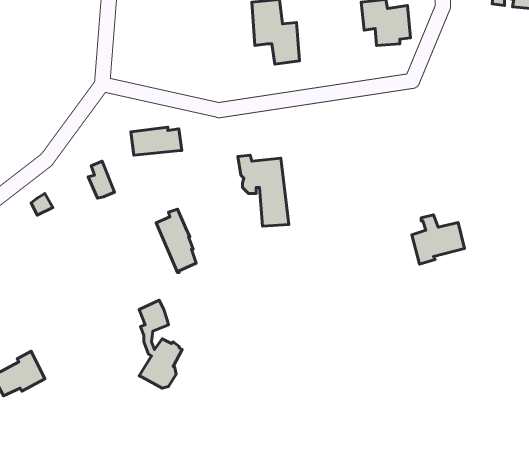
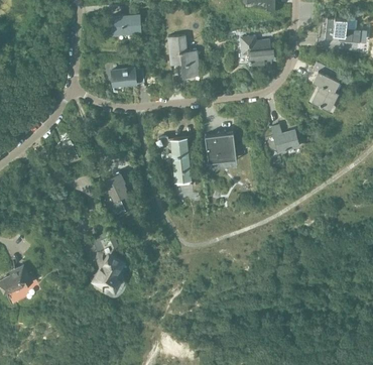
building: none -> [312,63,340,112]
building: [131,127,182,155] -> [111,69,144,87]
building: none -> [206,134,233,163]
building: [412,215,464,264] -> [264,126,298,158]

